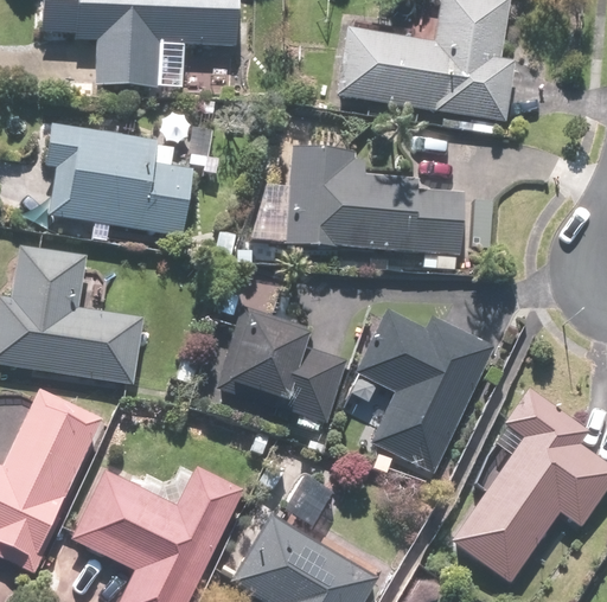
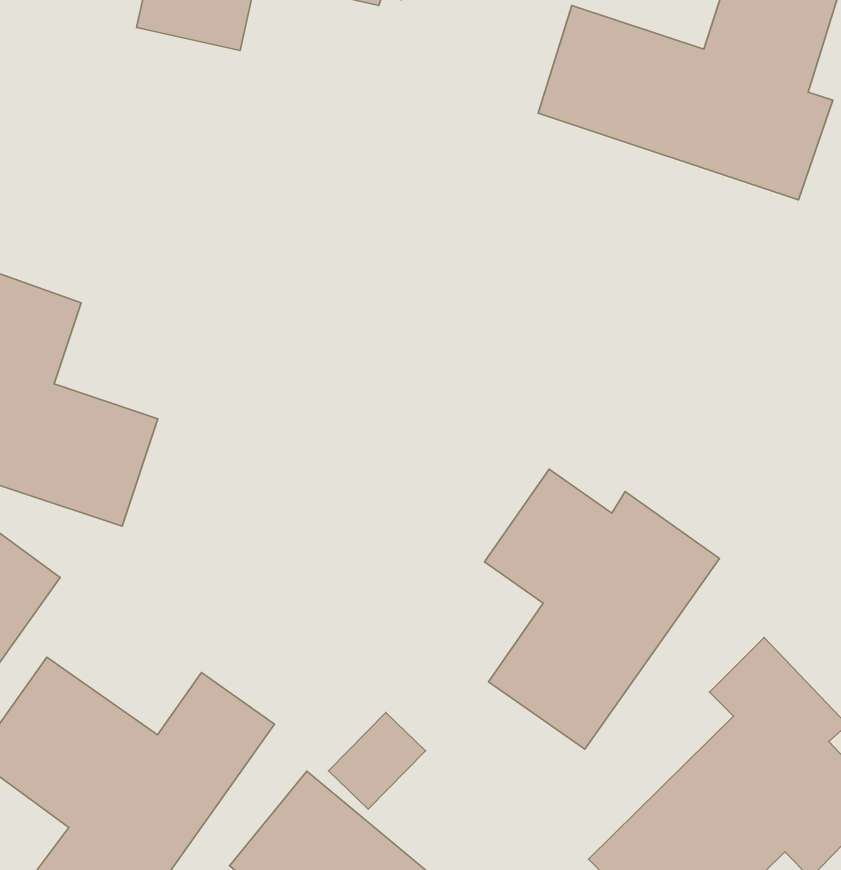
building: [47,126,193,235] -> none
building: [276,140,465,270] -> none
building: [211,301,344,429] -> none

